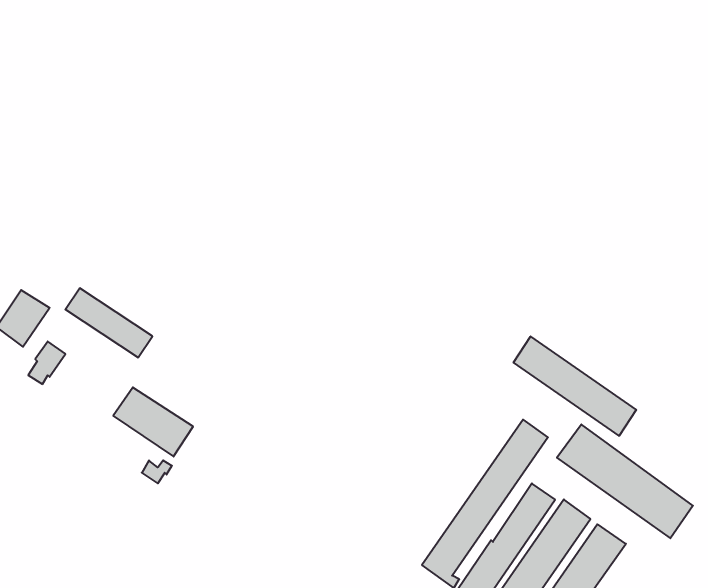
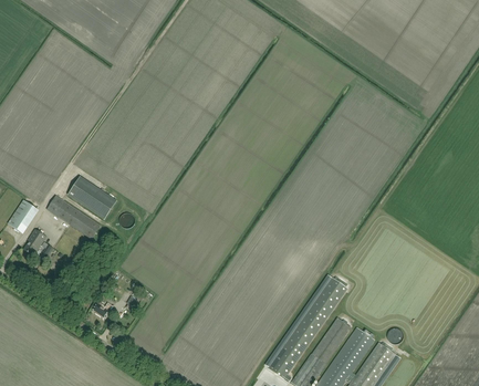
building: [514,336,636,436] -> none
building: [113,387,193,457] -> [67,176,117,219]
building: [557,424,693,538] -> none

